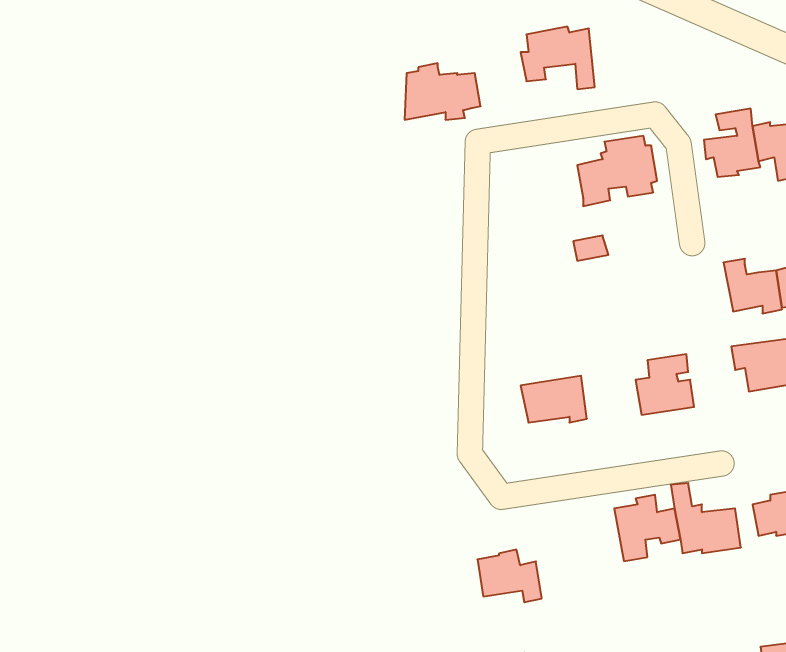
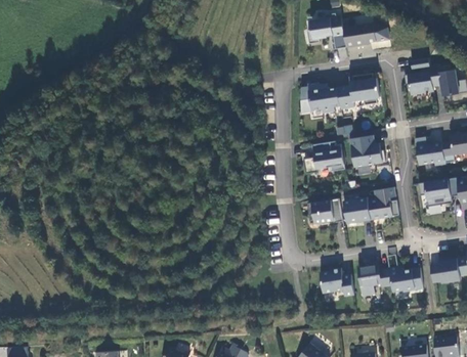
building: none -> [344,21,390,47]
building: [405,63,481,120] -> [300,83,340,113]
building: none -> [349,135,384,167]
building: none -> [303,141,344,174]
building: none -> [343,197,371,222]
building: [477,550,542,602] -> [320,268,353,296]

